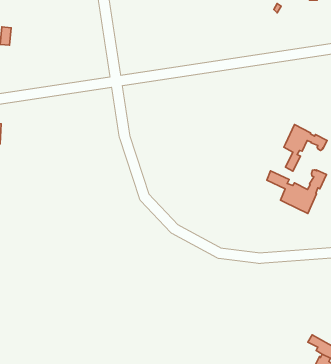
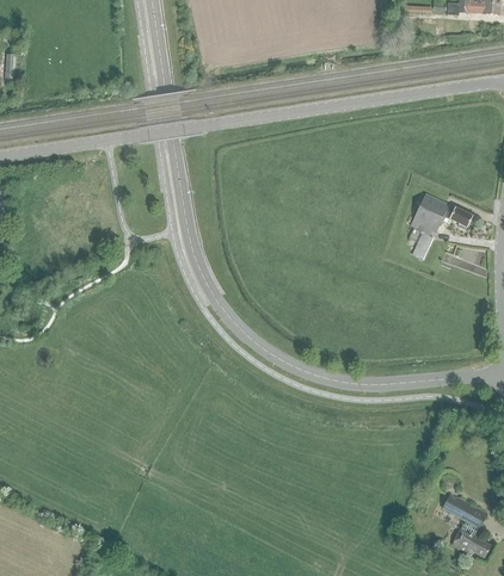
building: [267,170,326,213] -> none

